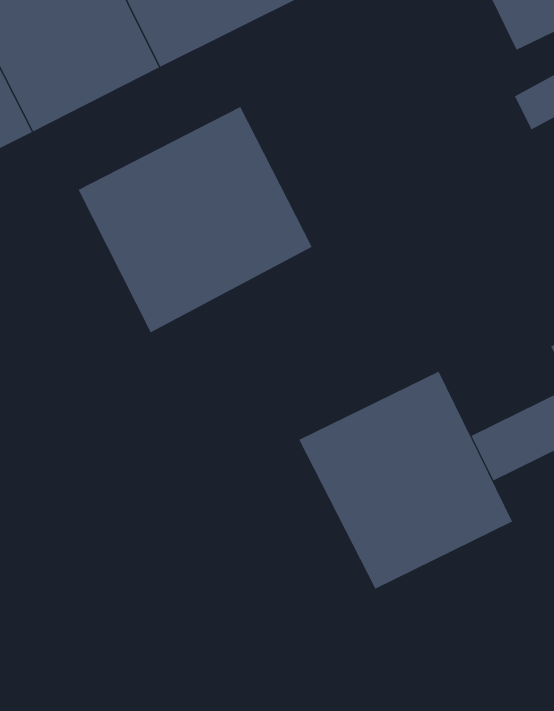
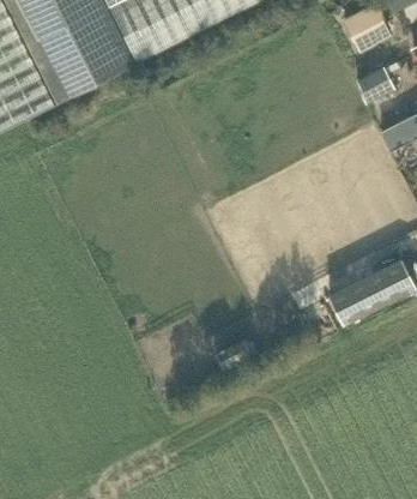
building: [78,106,313,333] -> none
building: [299,371,513,590] -> none

